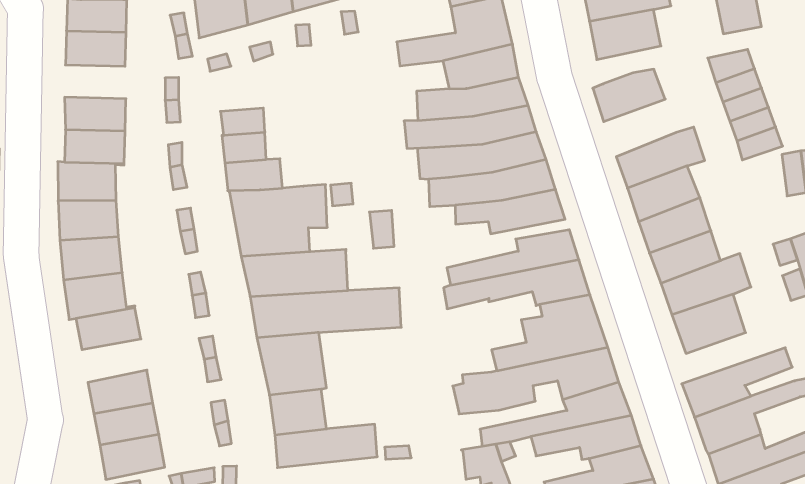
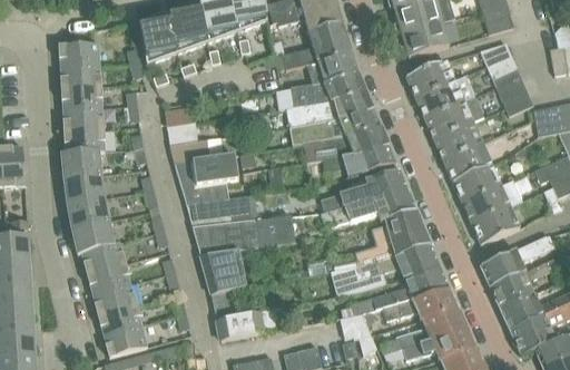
building: none -> [61,86,102,109]
building: none -> [415,75,473,119]
building: none -> [87,263,130,294]

